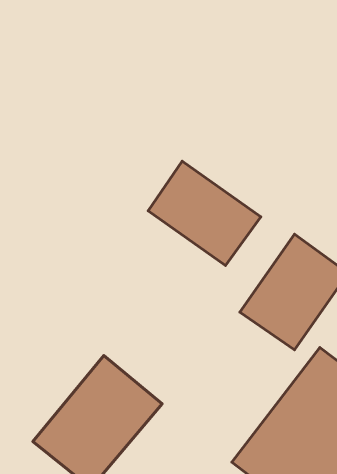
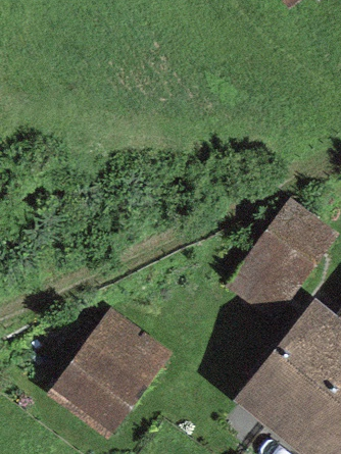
building: [148,161,261,266] -> none

